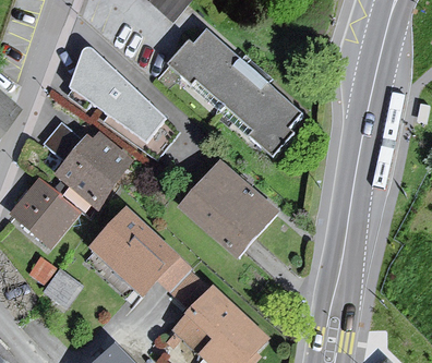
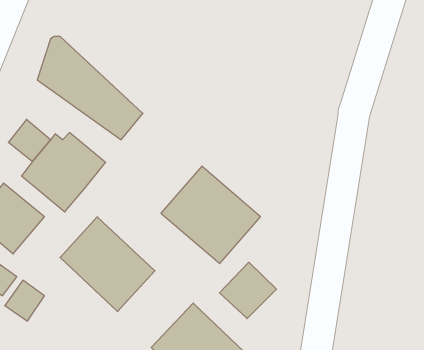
building: [168,29,300,155] -> none
building: none -> [220,262,276,319]

